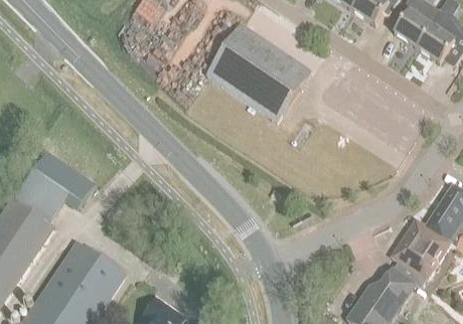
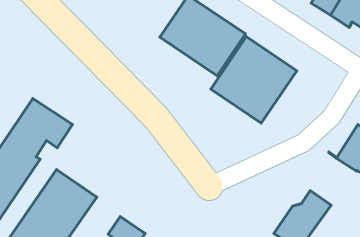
building: none -> [211,36,297,123]
building: [391,218,449,278] -> none

